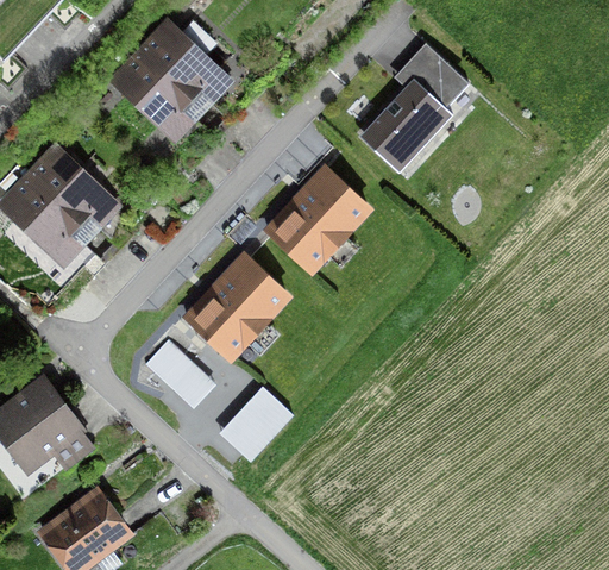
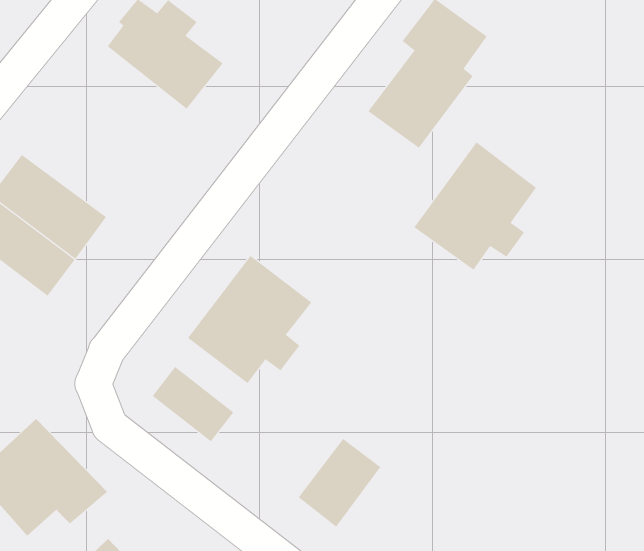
building: [109,56,200,144] -> none
building: [262,162,372,274] -> [413,142,537,270]
building: [218,386,293,463] -> [298,438,381,528]

